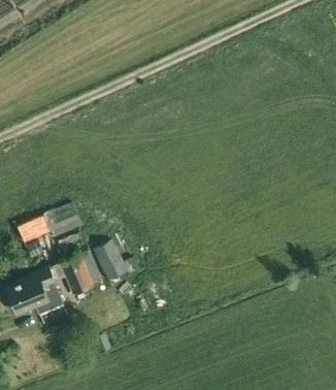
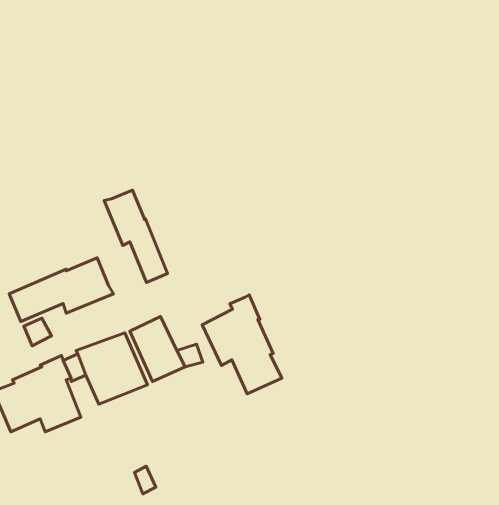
building: none -> [104,190,168,282]
building: none -> [202,295,282,394]

